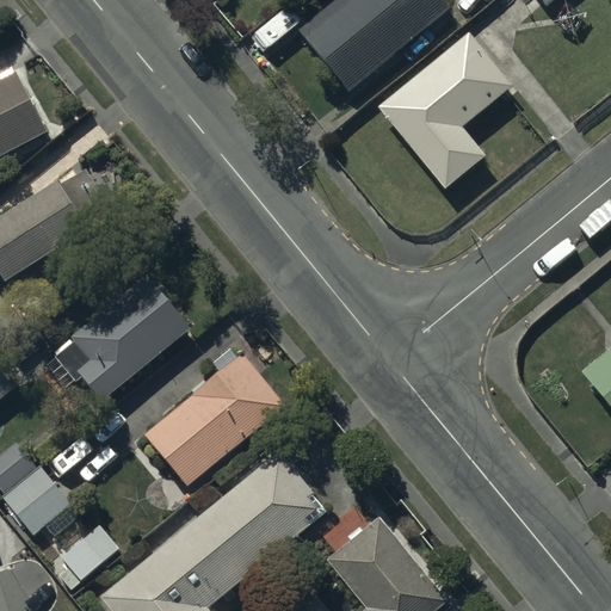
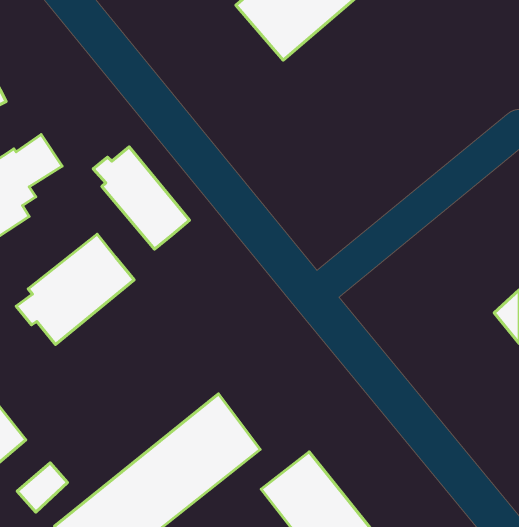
building: [377,31,514,190] -> none
building: none -> [93,147,189,249]
building: [142,354,283,487] -> none

